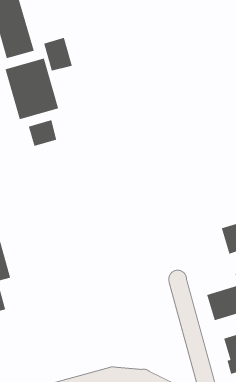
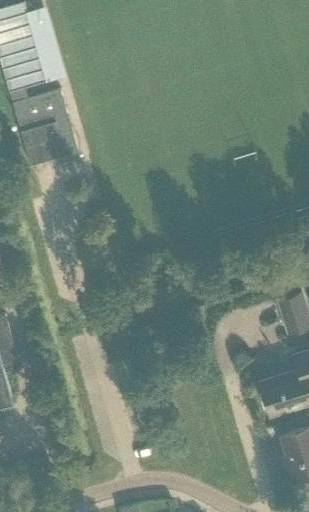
building: [43,37,73,71] -> none
building: [28,119,57,147] -> none

